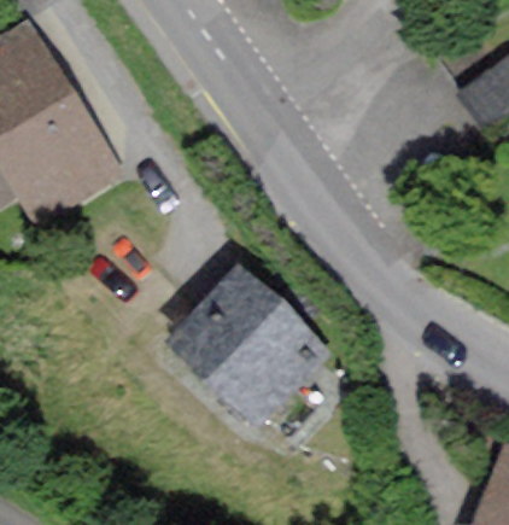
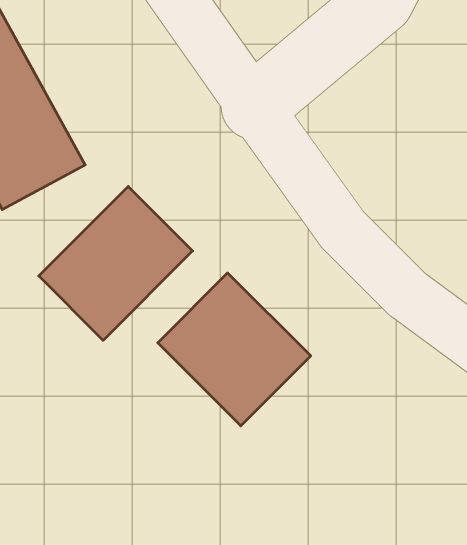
building: none -> [39,186,193,340]

